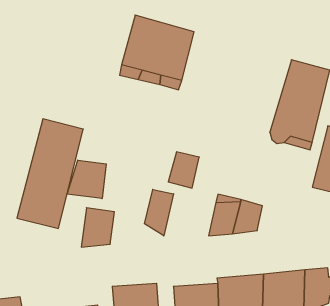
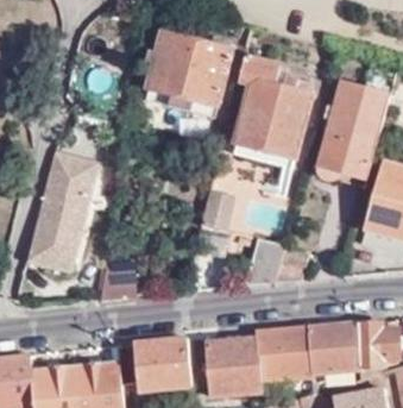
building: none -> [234,56,309,159]
building: [67,160,106,199] -> none
building: [145,189,174,236] -> none

